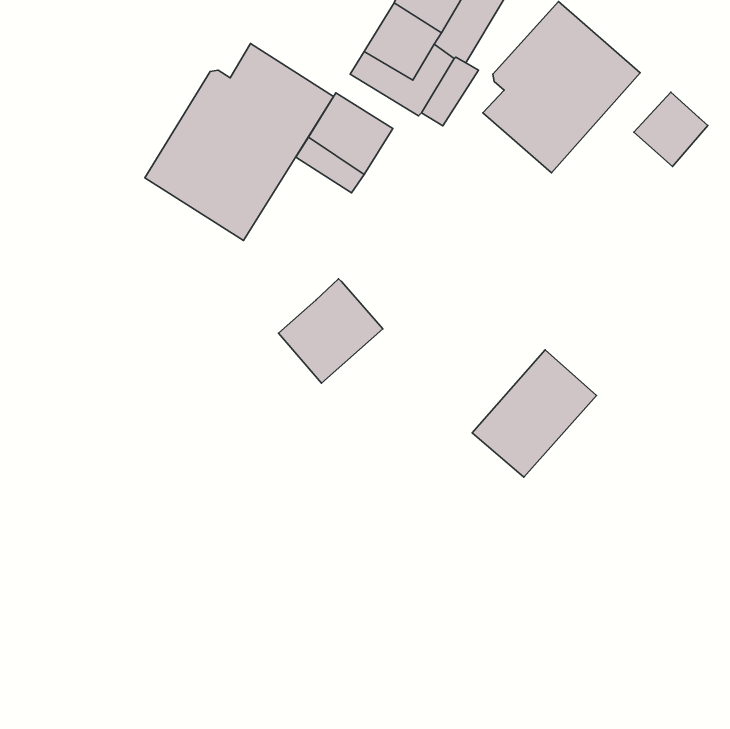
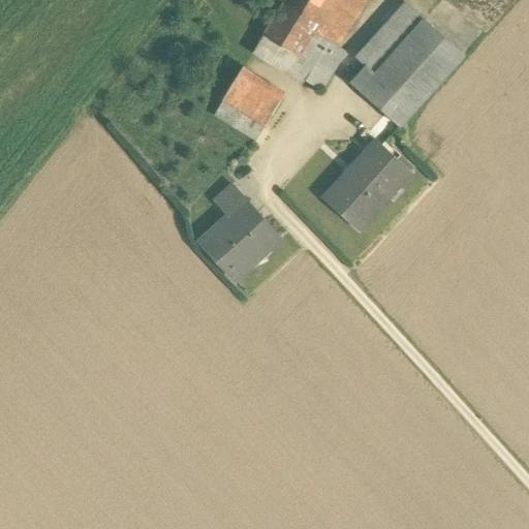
building: [145,44,334,241] -> none
building: [634,92,708,167] -> none
building: none -> [216,185,250,217]
building: [472,350,597,477] -> [322,138,412,230]

